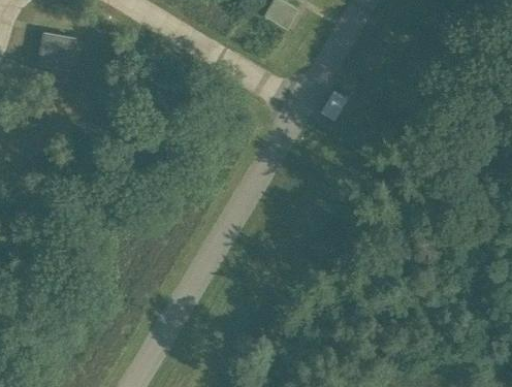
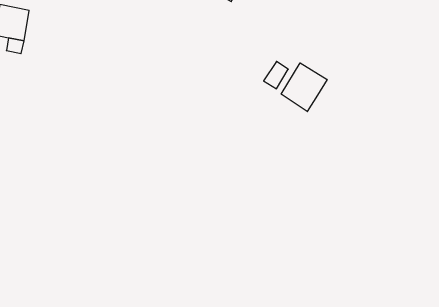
building: none -> [281,63,327,112]

